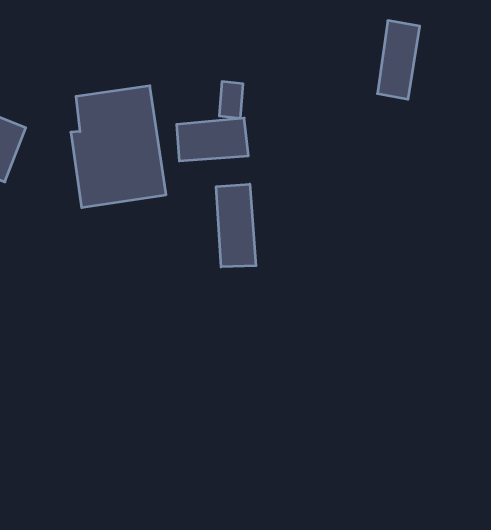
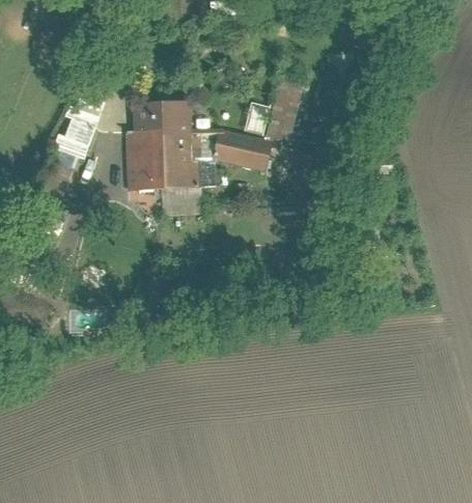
building: [377,21,420,99] -> [267,73,304,136]
building: [216,184,256,267] -> none

